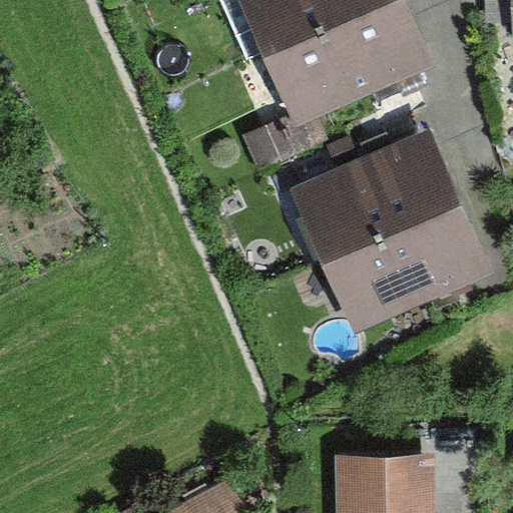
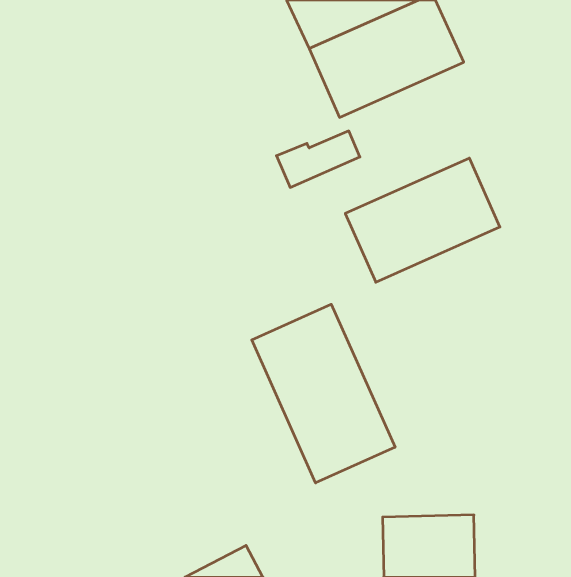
building: [334,201,471,312] -> none
building: none -> [252,304,395,483]

